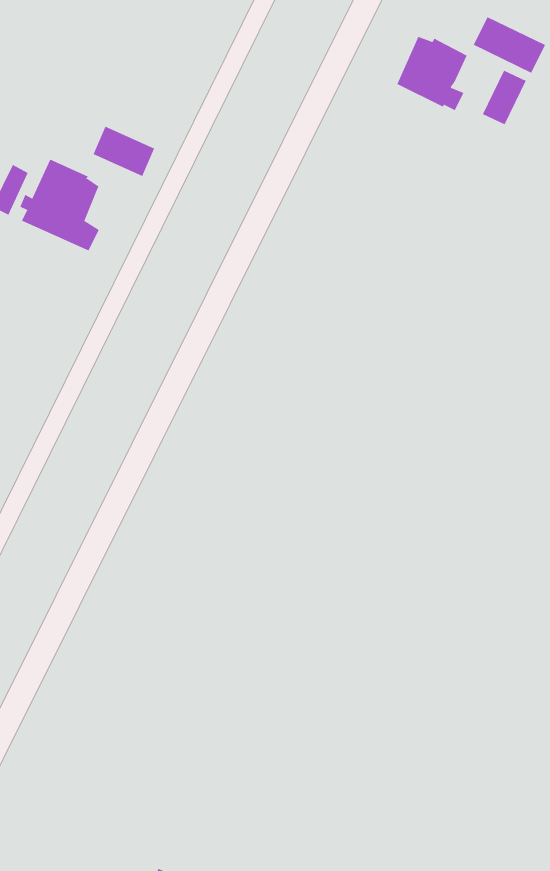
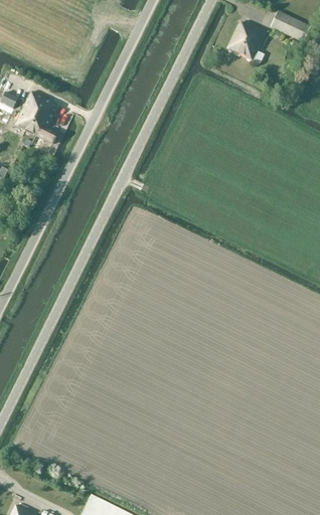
building: [482,70,526,125] -> none
building: [93,126,155,177] -> none

